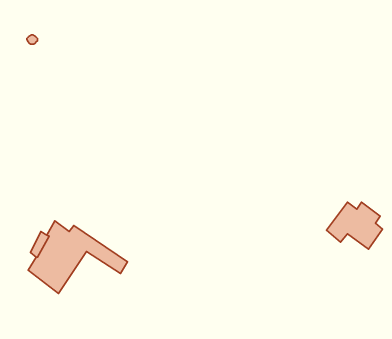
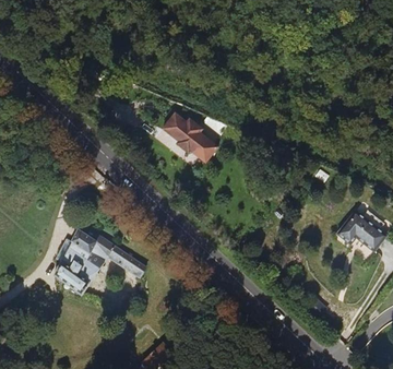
building: none -> [167,114,219,166]

